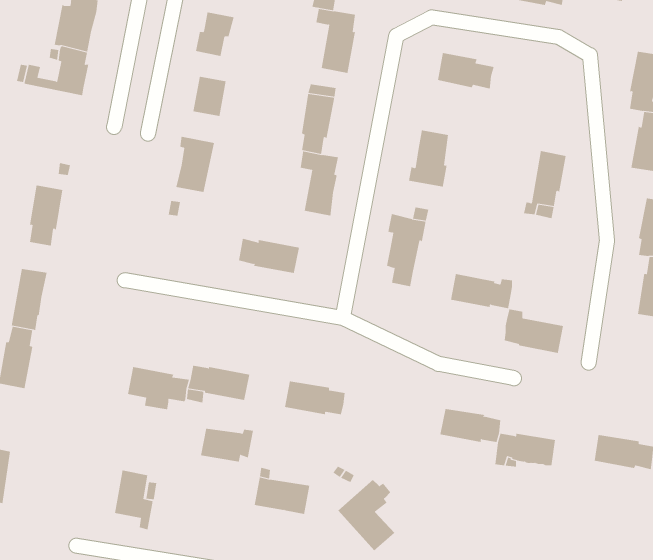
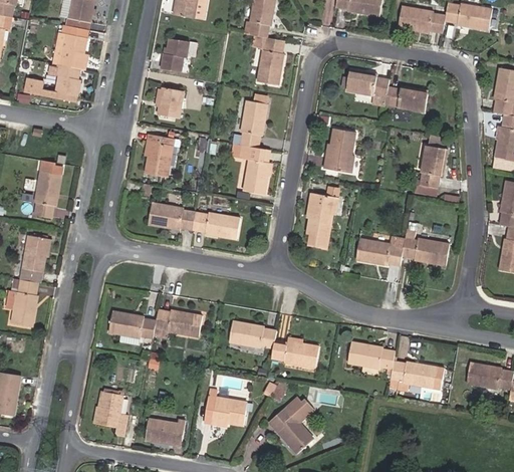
building: none -> [386,86,429,112]
building: none -> [149,203,197,229]
building: [504,309,564,353] -> [404,231,450,265]
building: none -> [272,339,319,368]
building: [200,428,254,462] -> [146,418,187,444]

